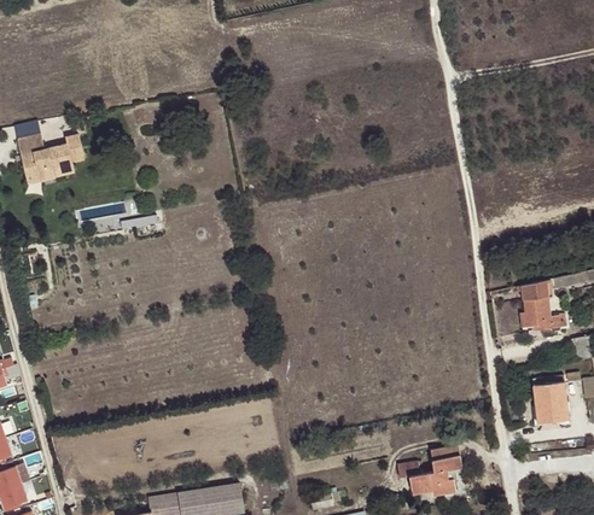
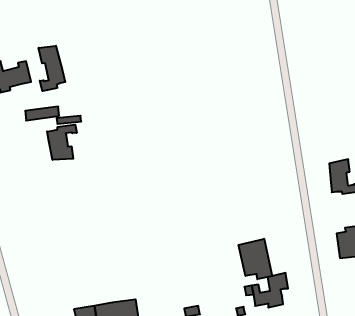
building: none -> [39,46,65,91]
building: none -> [47,125,77,160]
building: none -> [239,239,272,279]

